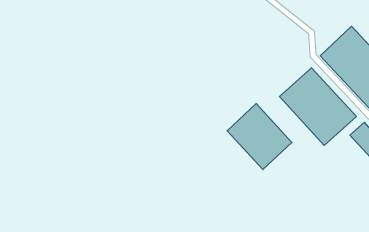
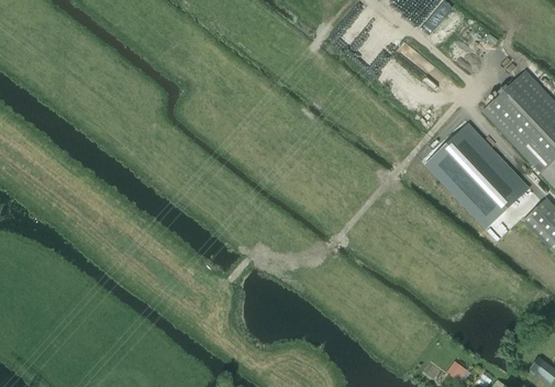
building: [227,104,292,170] -> none

